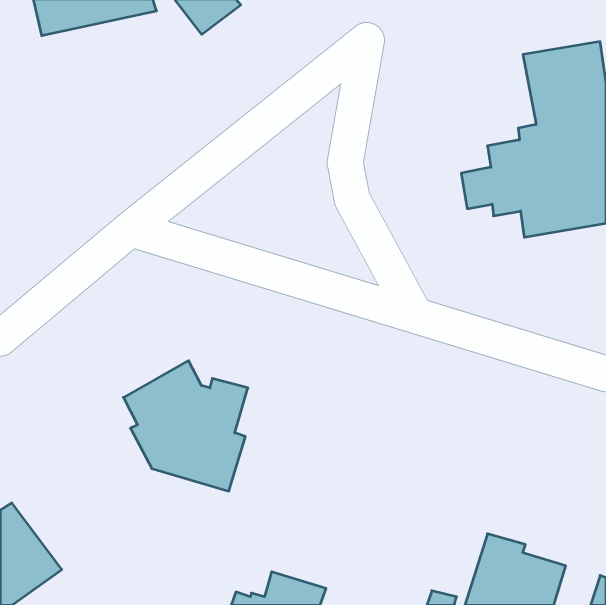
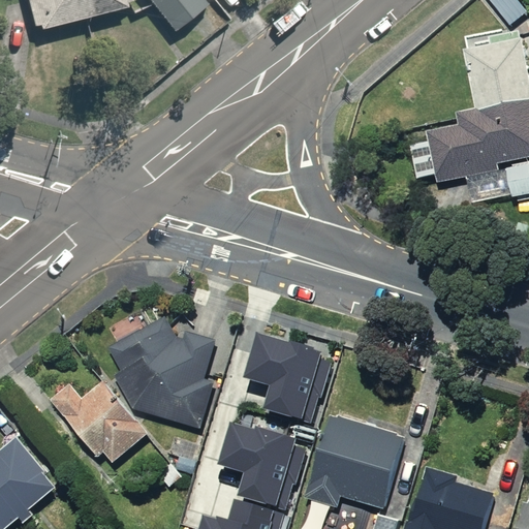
building: none -> [243,333,329,422]
building: none -> [50,379,147,461]
building: none -> [304,414,405,507]
building: none -> [220,423,305,508]

